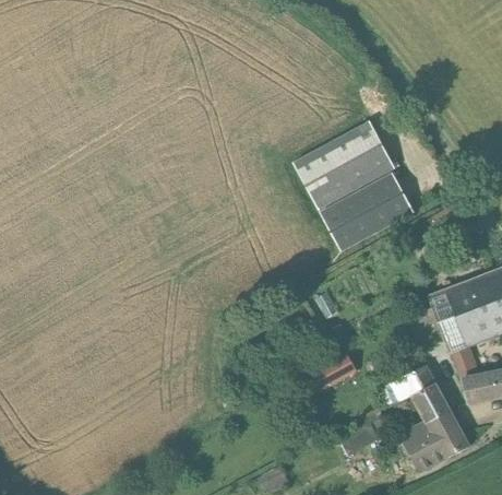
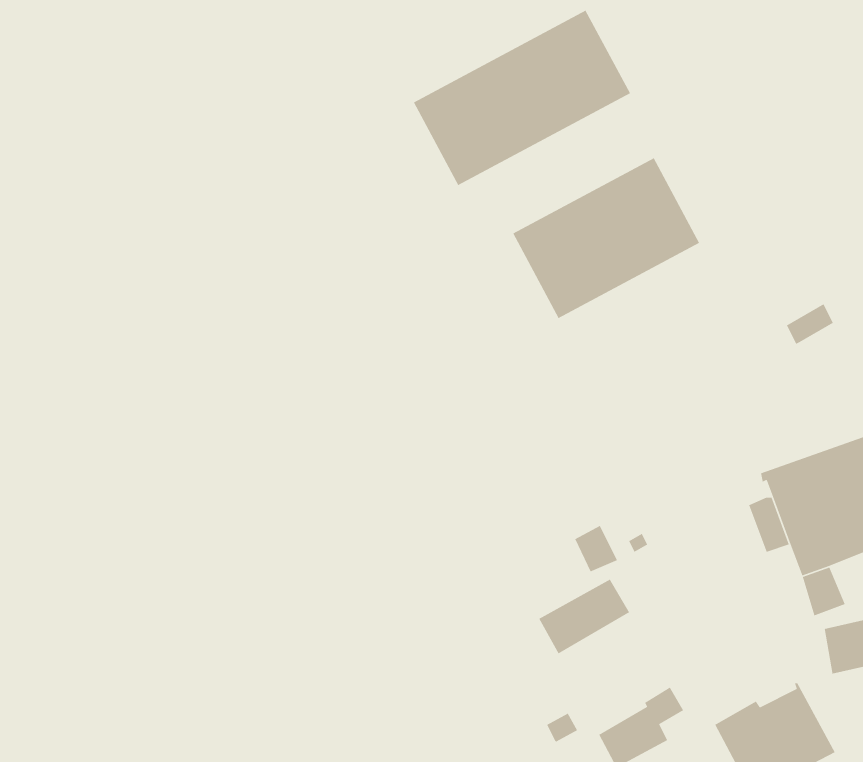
building: none -> [413,9,631,186]
building: [320,172,414,250] -> none
building: [393,365,449,421] -> none

